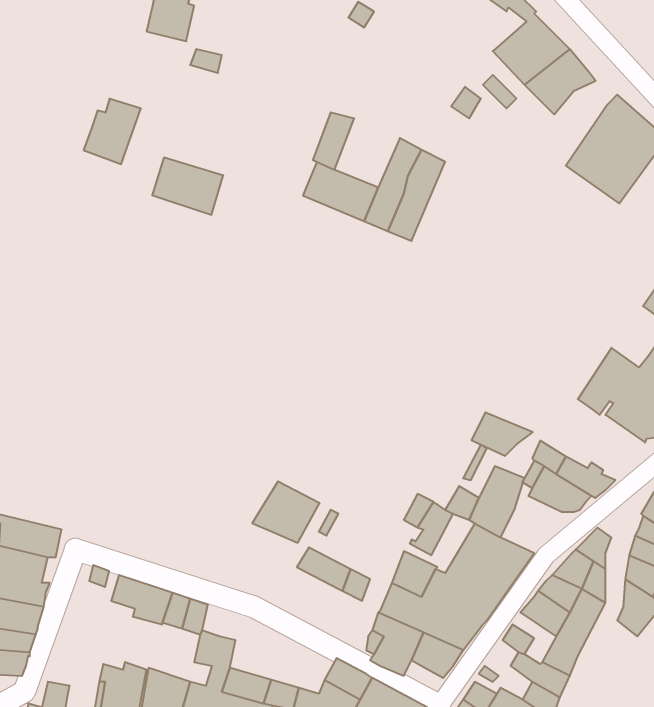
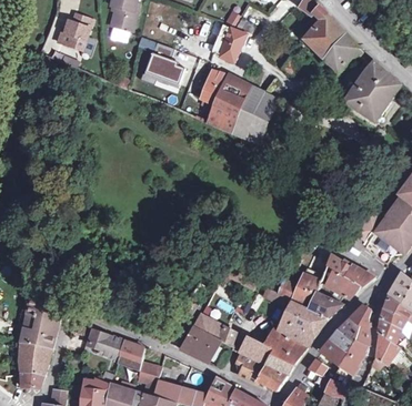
building: none -> [211,23,247,62]
building: [84,99,141,164] -> [61,13,93,50]
building: none -> [215,73,252,113]
building: [152,158,223,215] -> [141,52,181,84]
building: [471,412,533,456] -> [309,294,343,318]
building: [252,481,320,543] -> [180,326,218,361]

